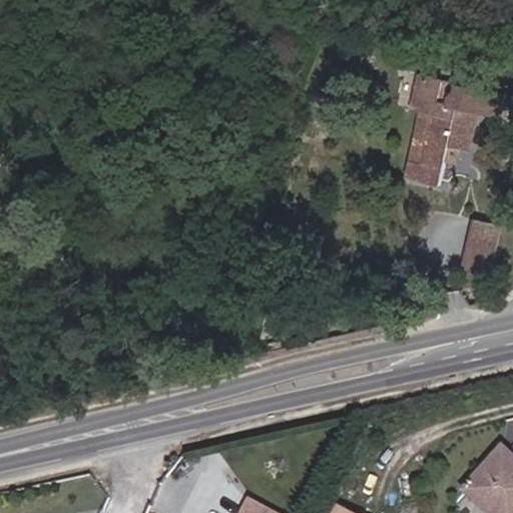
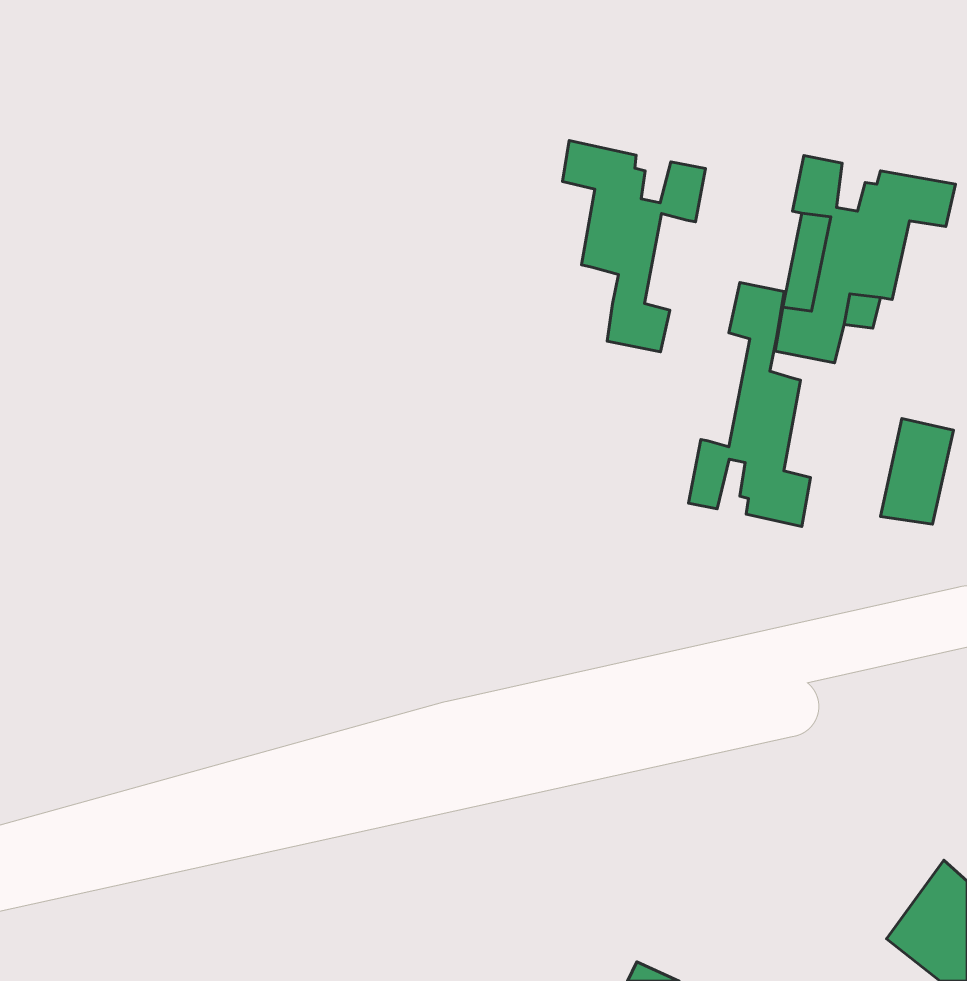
building: none -> [562,141,706,352]
building: none -> [688,283,811,526]

